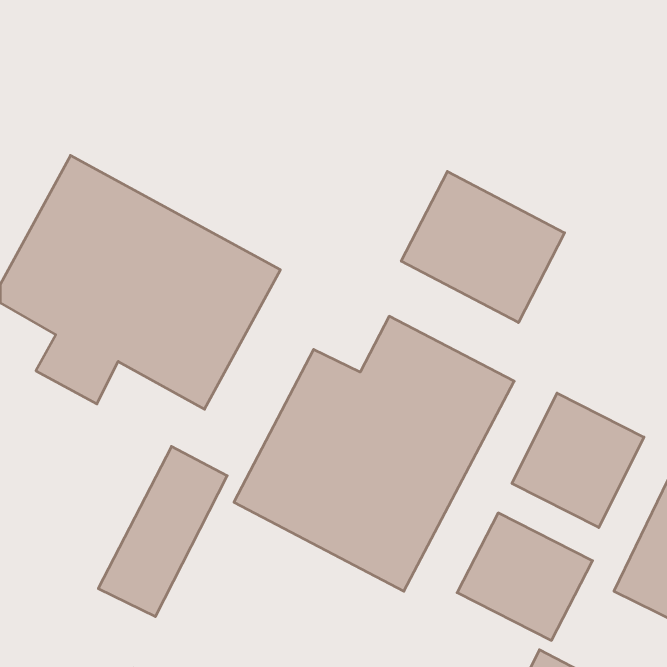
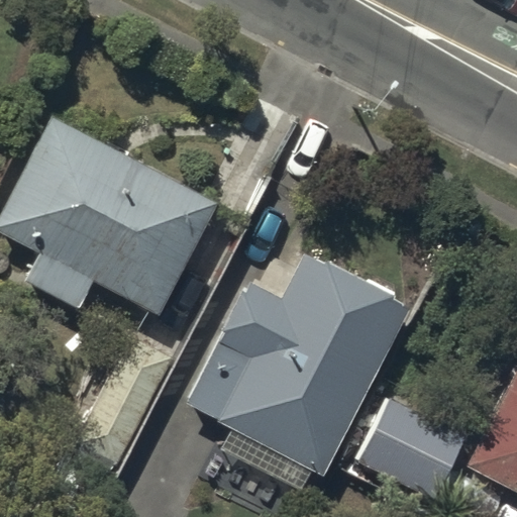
building: [401,171,565,323] -> none
building: [512,393,644,528] -> none

